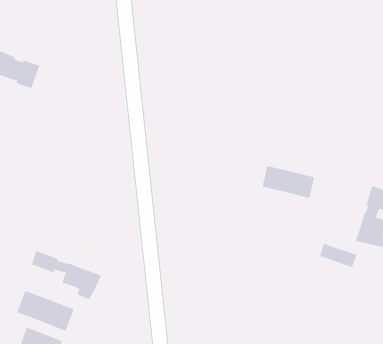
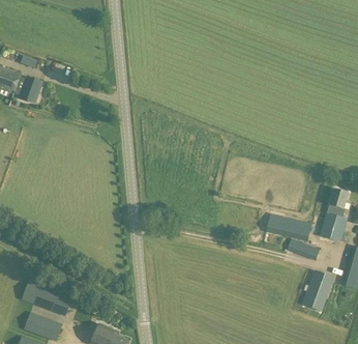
building: [262,165,315,198] -> [265,211,311,240]
building: [31,250,102,300] -> none
building: none -> [301,268,333,311]

